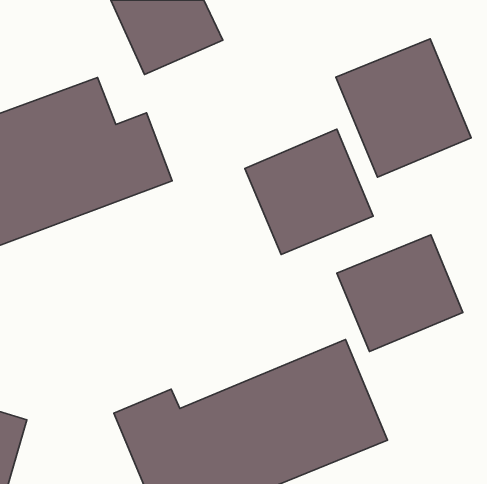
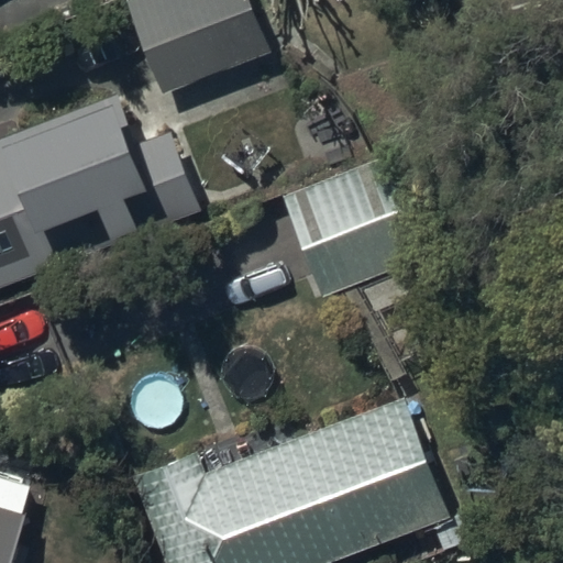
building: [336,39,471,177] -> none
building: [337,235,463,352] -> none

